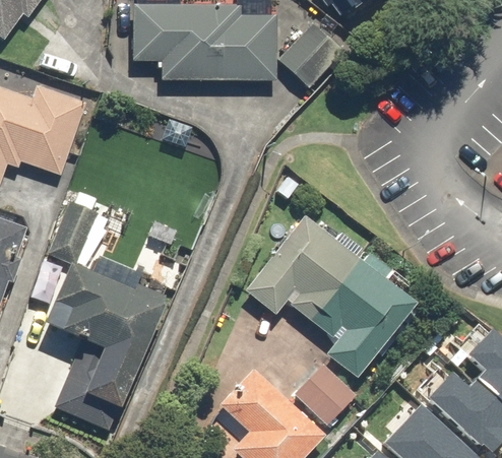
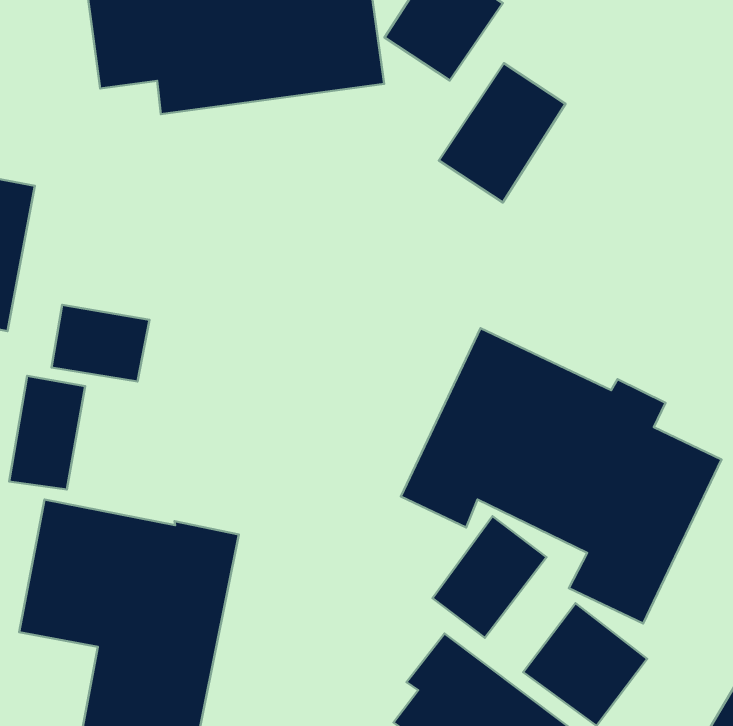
building: none -> [439,63,565,203]
building: none -> [52,305,150,381]
building: none -> [432,516,547,638]

